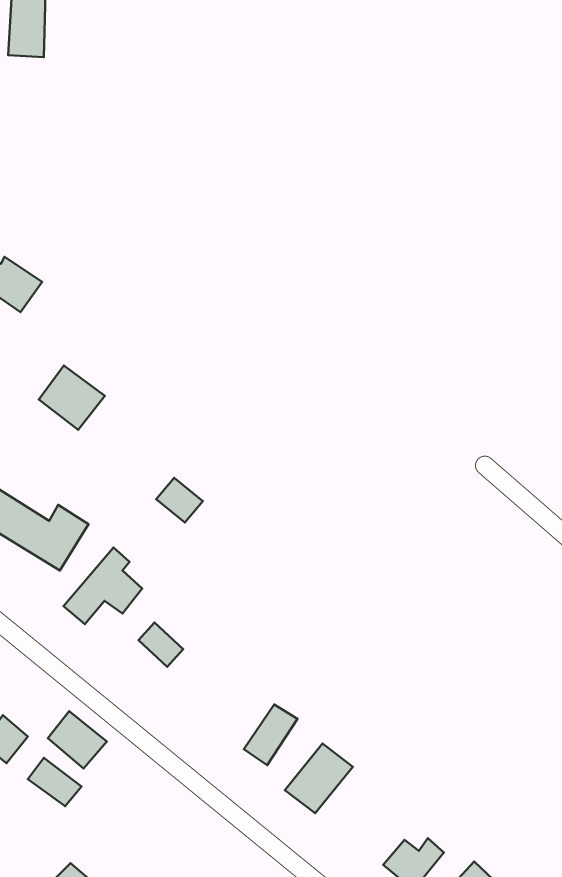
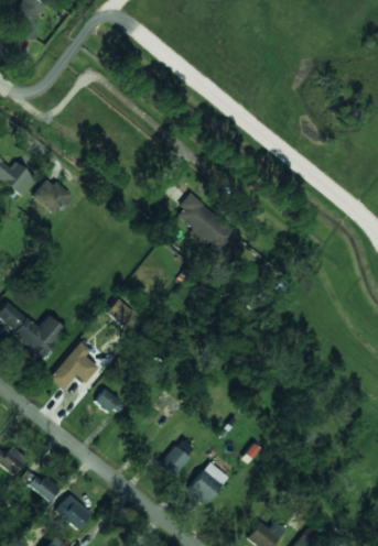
building: none -> [175,194,239,253]
building: [39,366,105,430] -> [32,177,73,217]
building: [48,711,107,768] -> [56,494,93,529]

